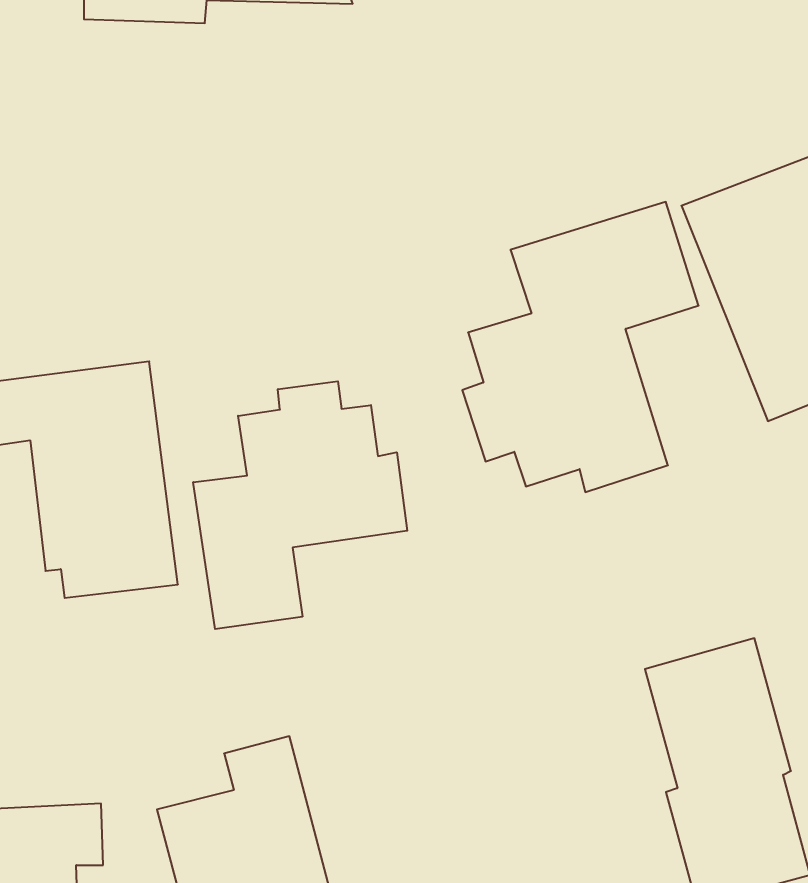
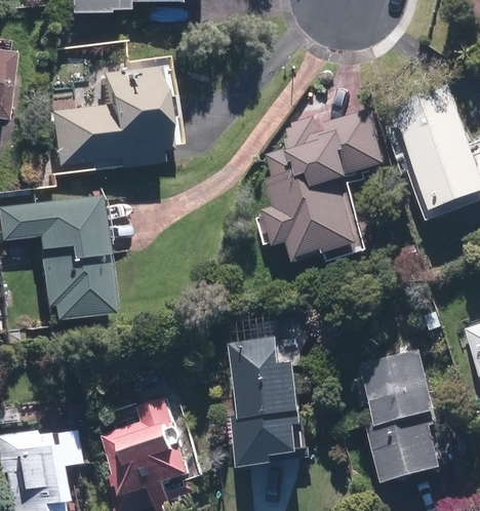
building: none -> [38,65,164,169]
building: [193,381,407,629] -> none
building: none -> [230,338,310,468]

